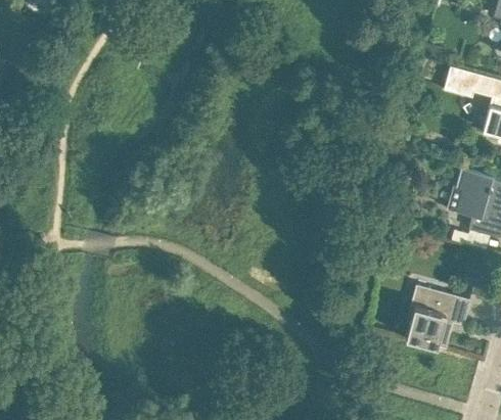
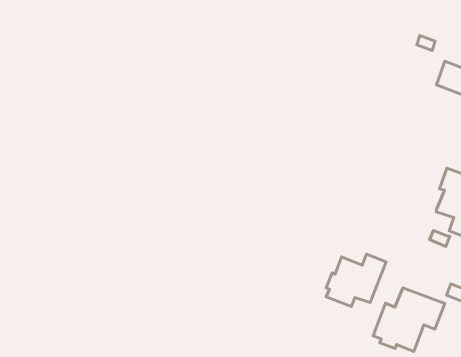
building: none -> [326,254,386,307]

